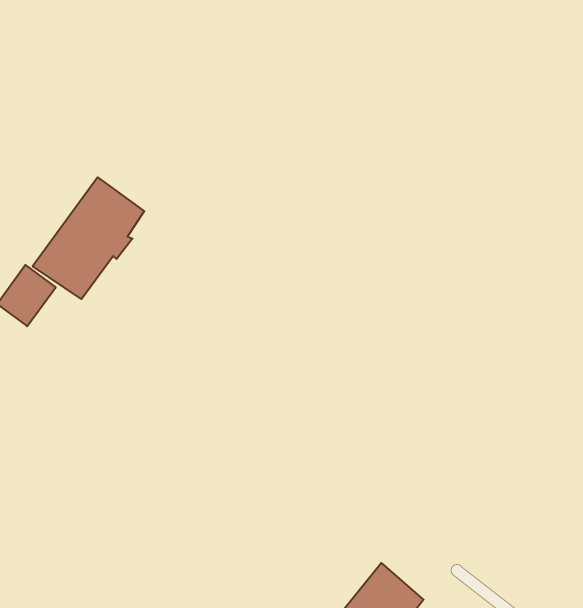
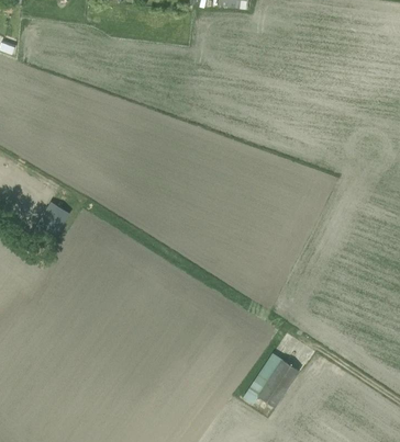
building: [33,177,144,299] -> none

